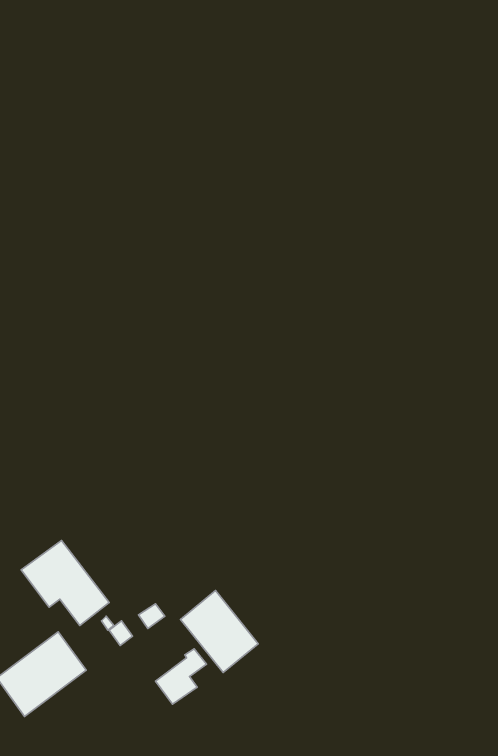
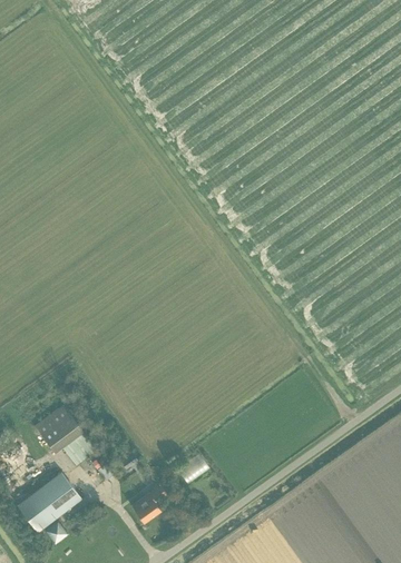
building: [181,590,258,673] -> none

